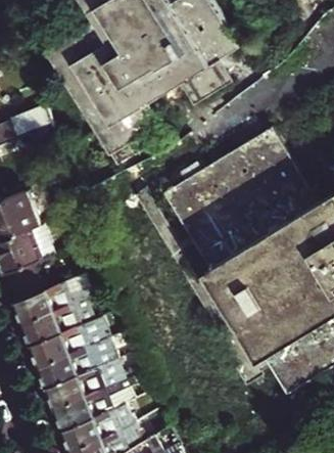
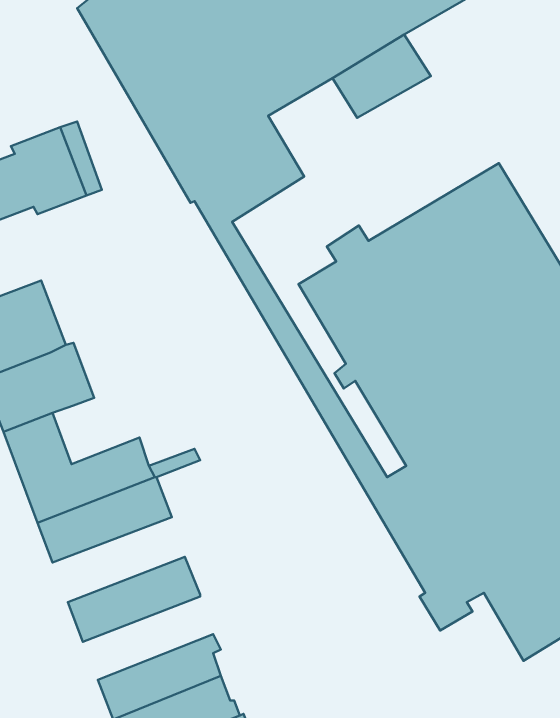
building: [30,316,110,365] -> none
building: [46,362,116,407] -> none

